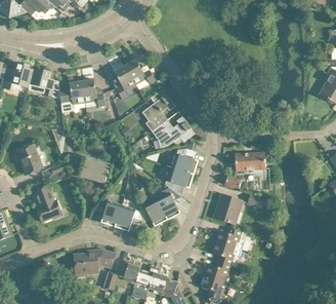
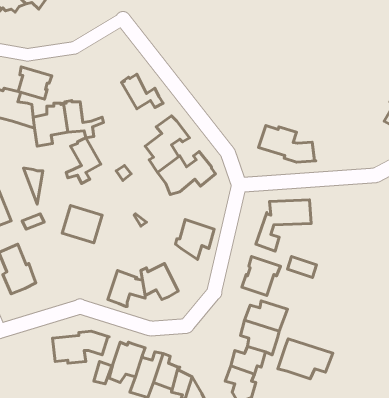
building: none -> [18,67,52,99]
building: [110,65,135,99] -> [66,138,101,183]
building: none -> [259,126,316,162]
building: [170,148,198,174] -> none
building: [154,188,184,220] -> none
building: [95,200,121,226] -> none
building: none -> [278,339,333,379]

